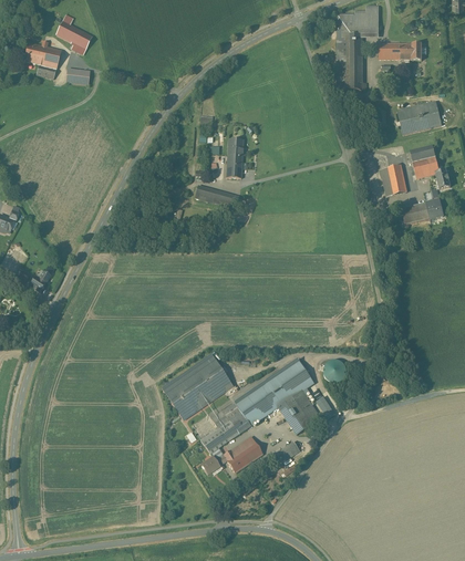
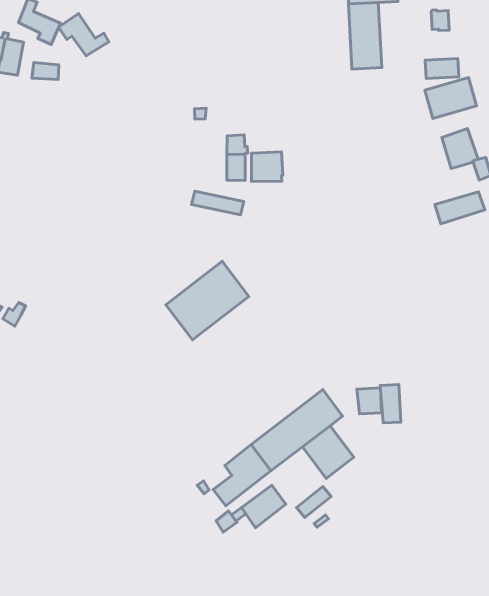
building: none -> [59,14,109,56]
building: [379,43,406,59] -> [425,59,459,78]
building: none -> [251,152,283,181]
building: [380,164,406,195] -> none
building: [162,354,232,419] -> [166,261,249,340]
building: none -> [380,384,401,423]

